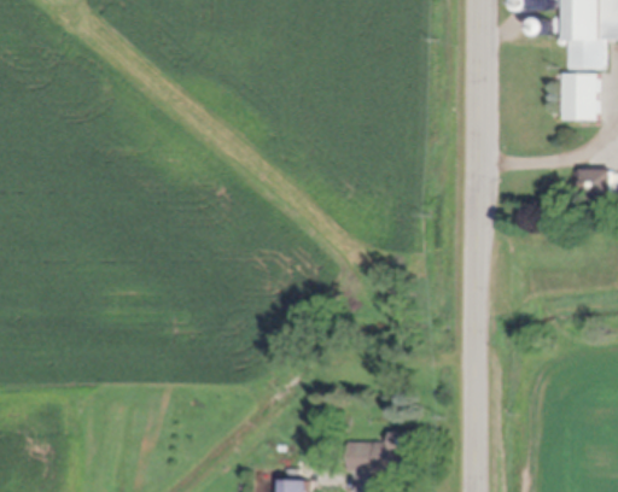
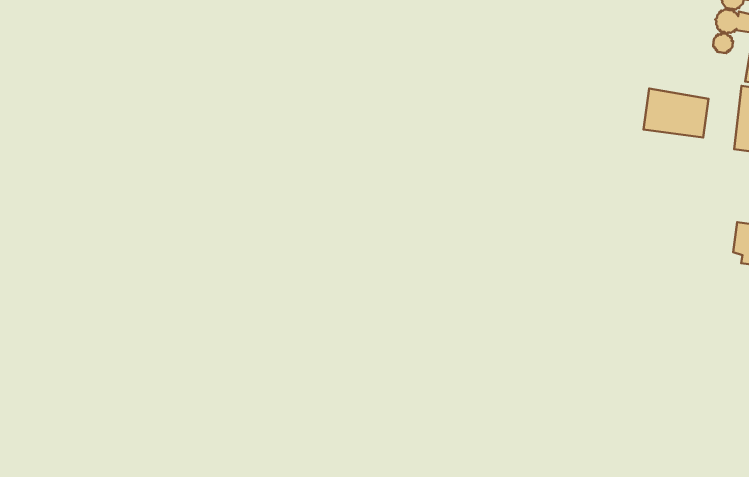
building: none -> [644,89,709,138]

